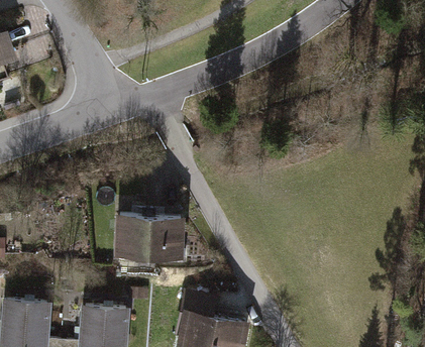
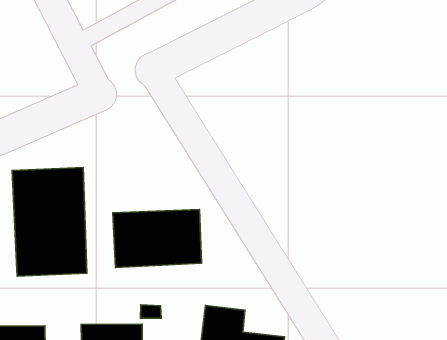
building: none -> [12,168,87,276]

